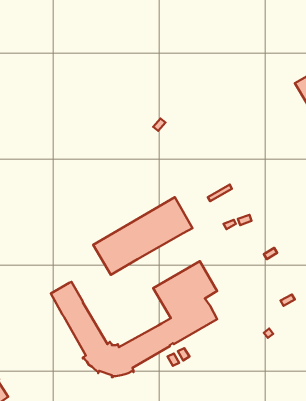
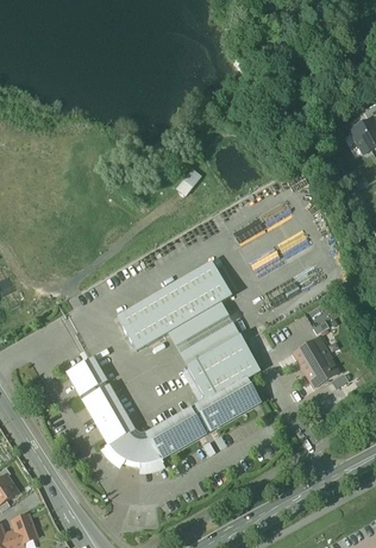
building: none -> [168,304,239,367]
building: none -> [294,338,338,388]

